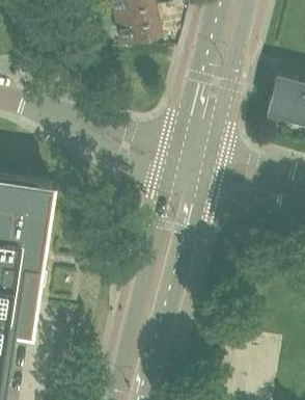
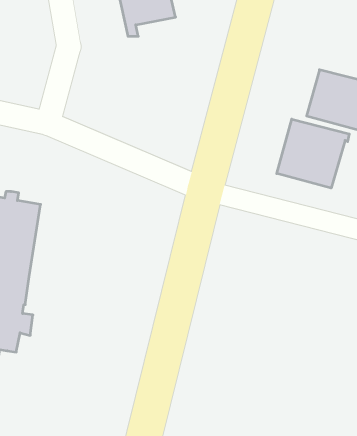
building: none -> [277,119,349,188]

